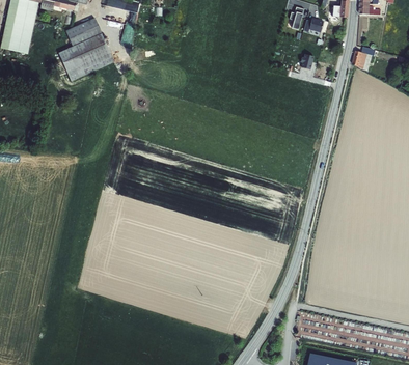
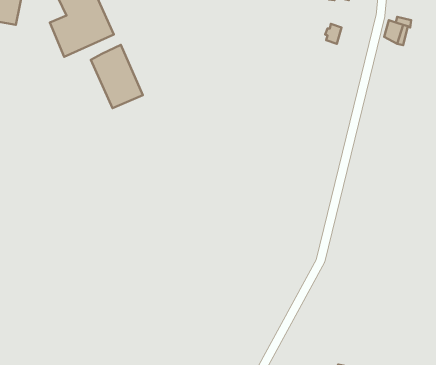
building: none -> [91,45,143,108]

